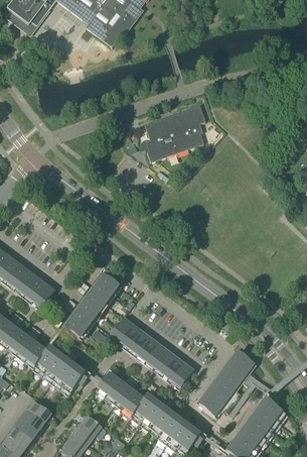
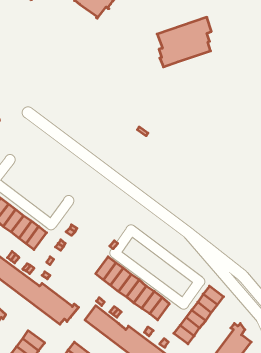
building: [144,103,205,159] -> [157,17,211,67]
building: [63,266,119,338] -> none

